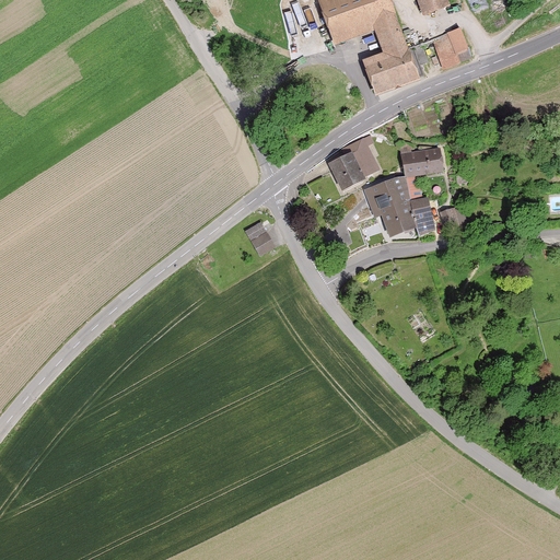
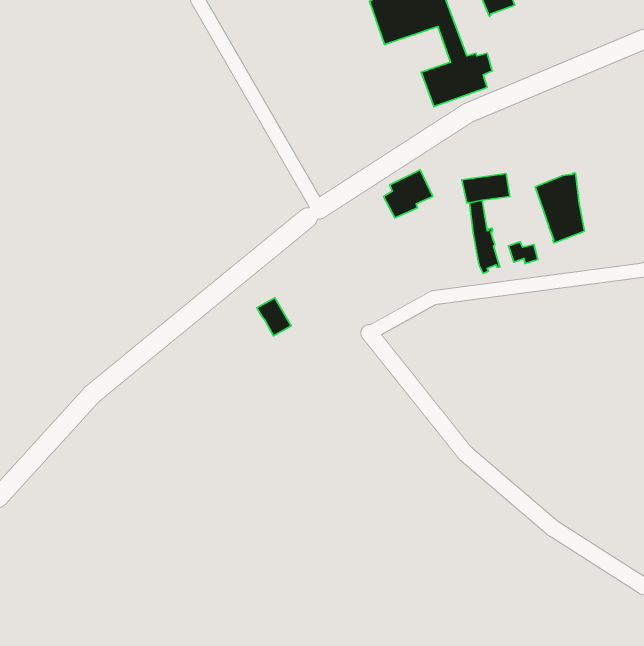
building: [431,34,463,70] -> none
building: [371,175,413,235] -> [535,173,584,243]
building: [244,222,273,255] -> [257,298,291,336]

